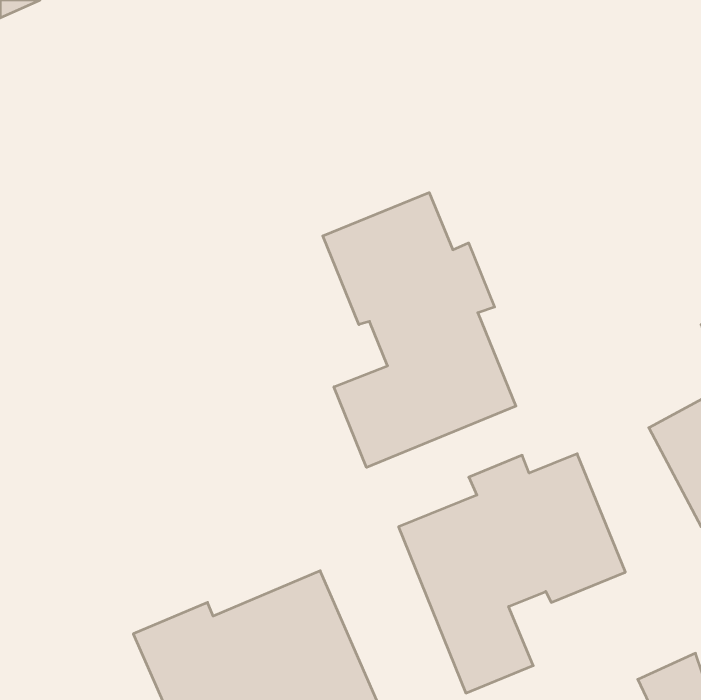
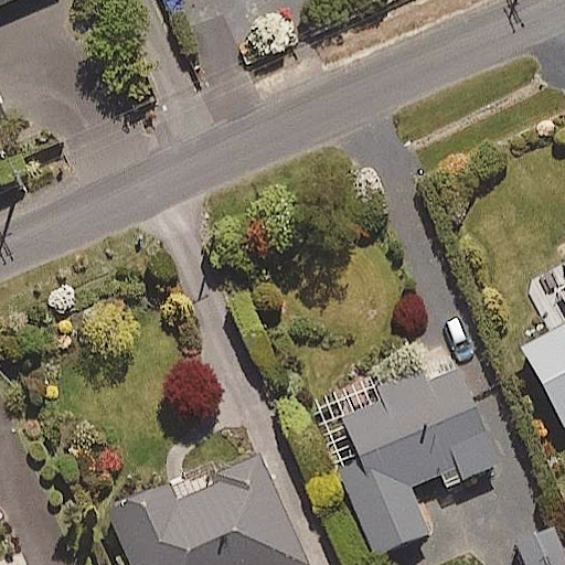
building: [323,193,516,467] -> none

